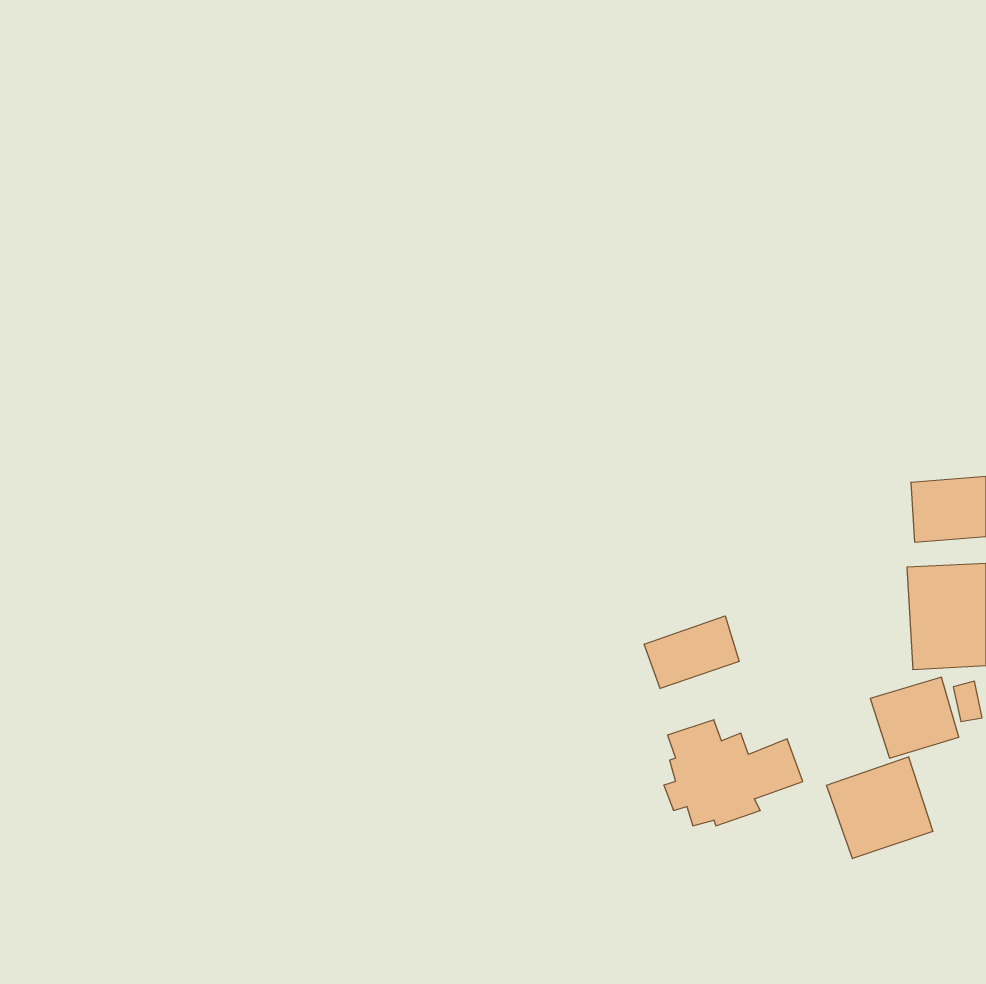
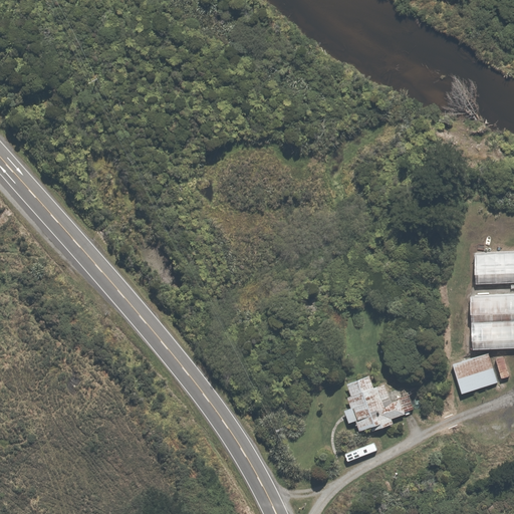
building: [644,616,739,689] -> none
building: [827,757,933,859] -> none

